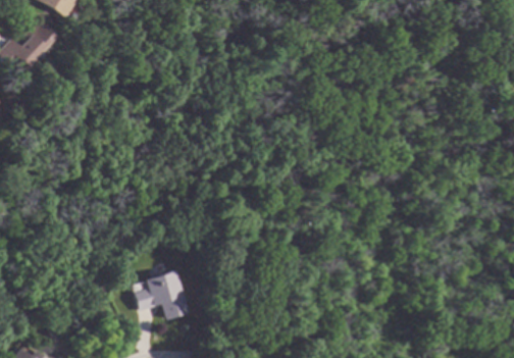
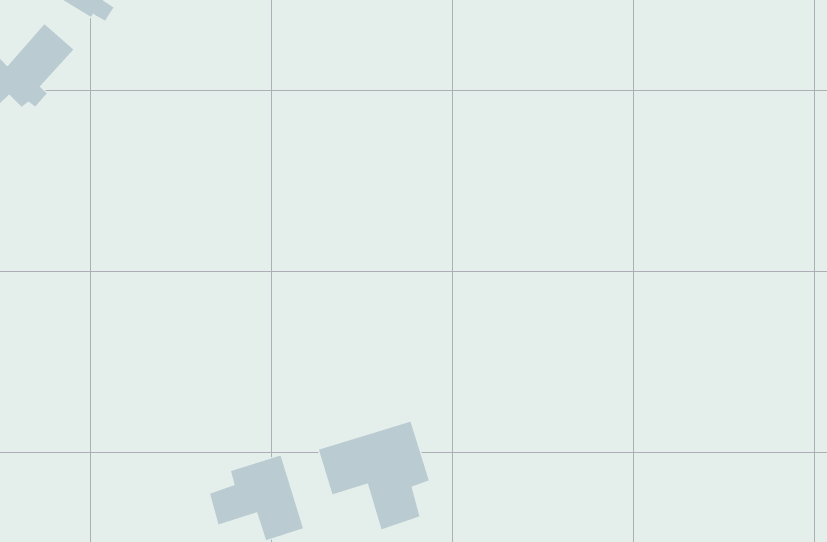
building: none -> [318,421,429,530]

